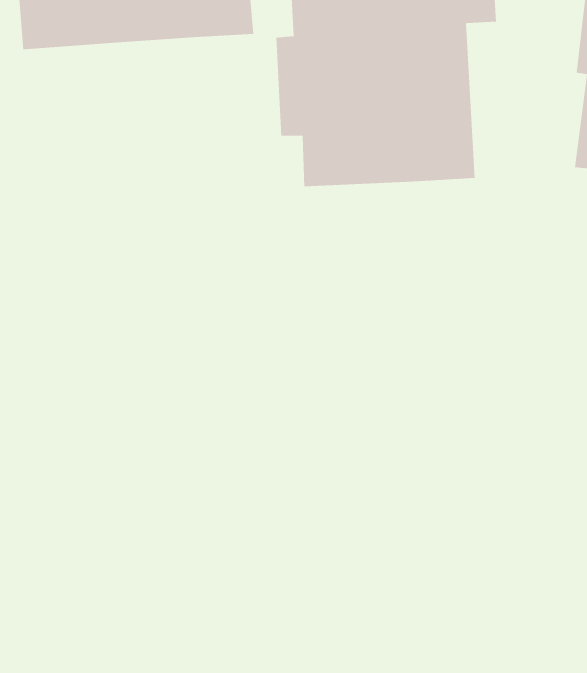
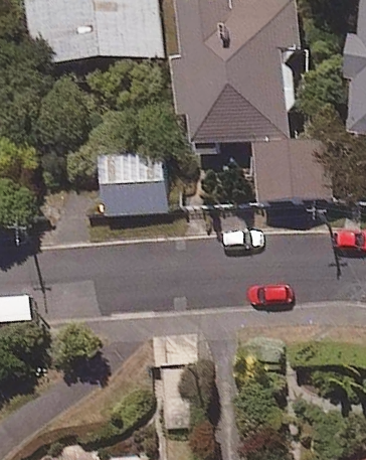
building: none -> [253,138,331,199]
building: none -> [99,152,165,213]

